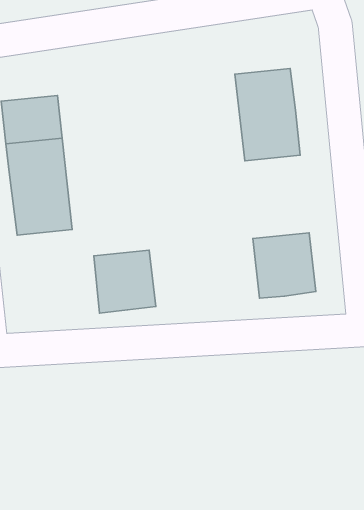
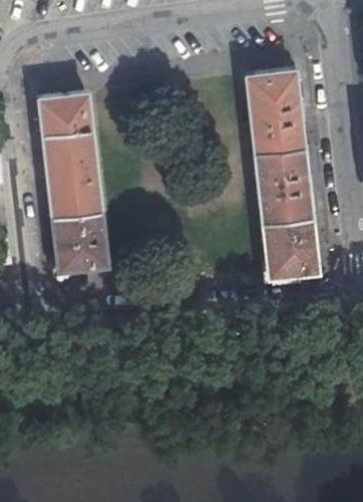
building: none -> [255,151,312,225]
building: [94,250,156,313] -> [52,217,107,273]

